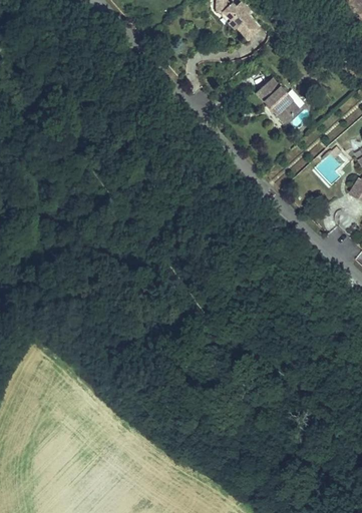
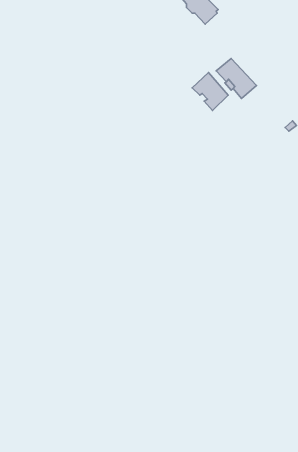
building: none -> [192,73,228,110]

